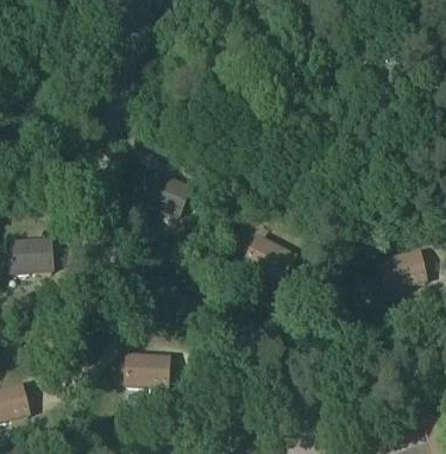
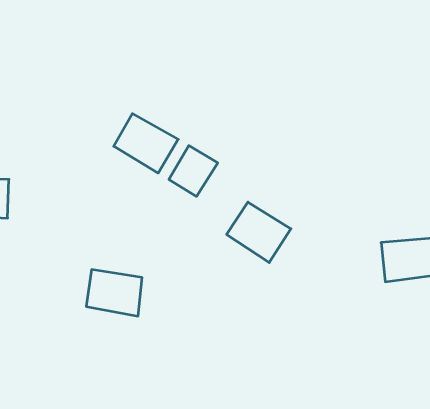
building: none -> [169,146,218,196]
building: [124,352,169,387] -> [86,270,142,316]

